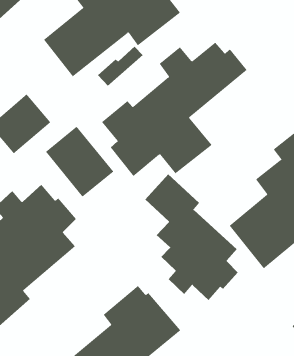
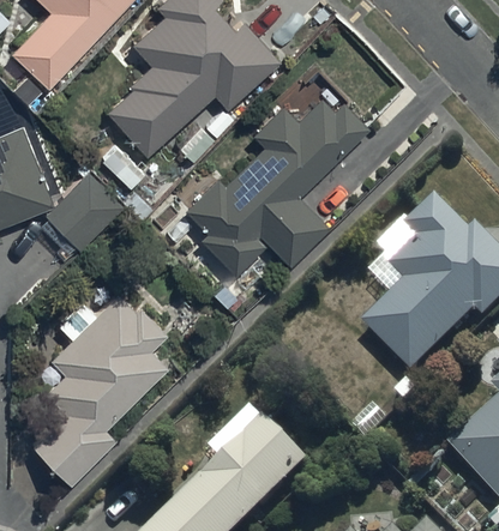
building: [45,126,114,197] -> none
building: [145,173,238,301] -> none

